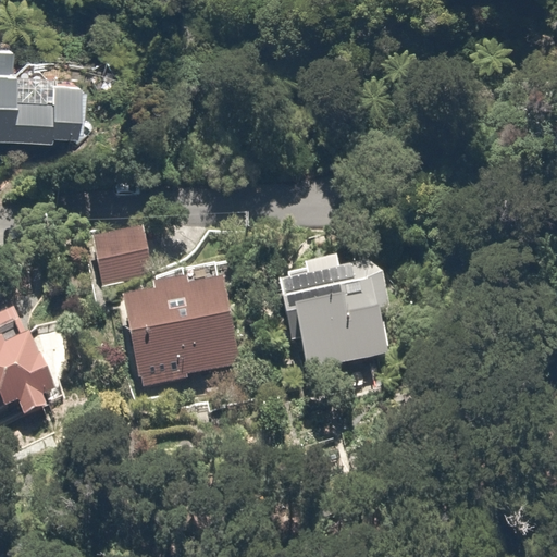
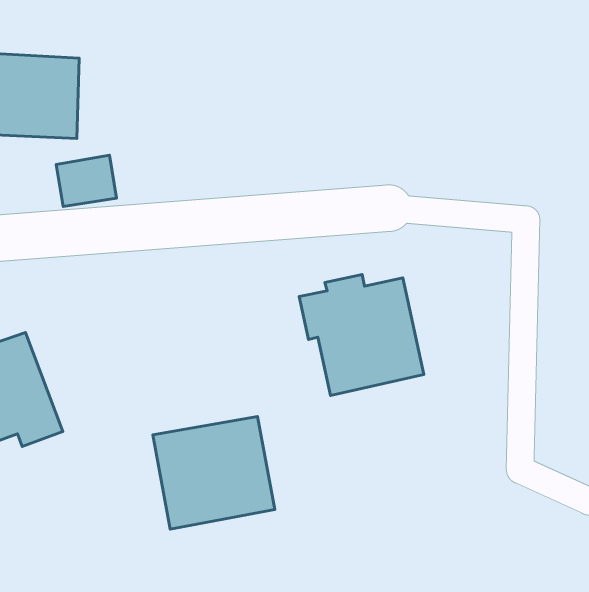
building: [91,231,148,278] -> [56,155,117,206]
building: [122,276,236,382] -> [153,416,275,529]

